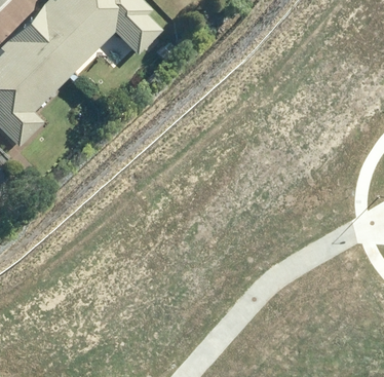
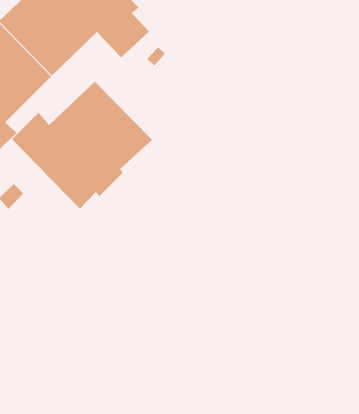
building: none -> [11,81,153,209]

